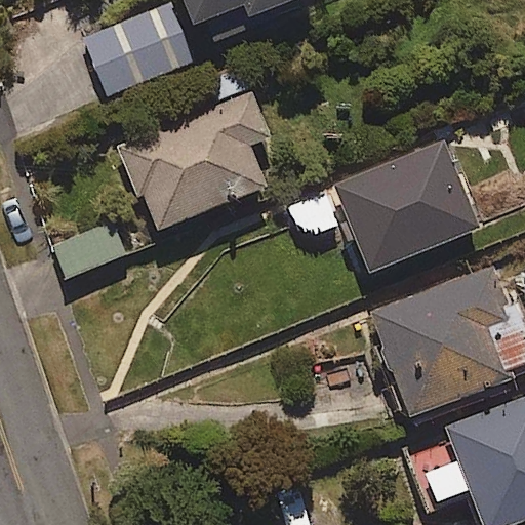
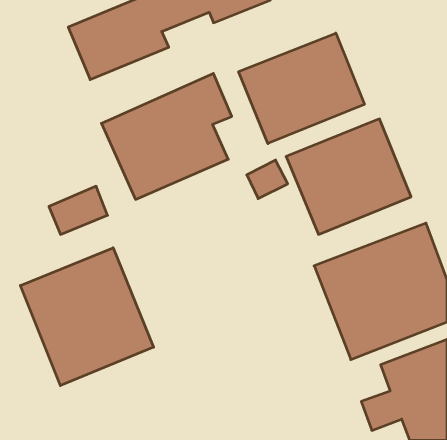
building: none -> [239,33,364,144]
building: none -> [20,248,154,386]

